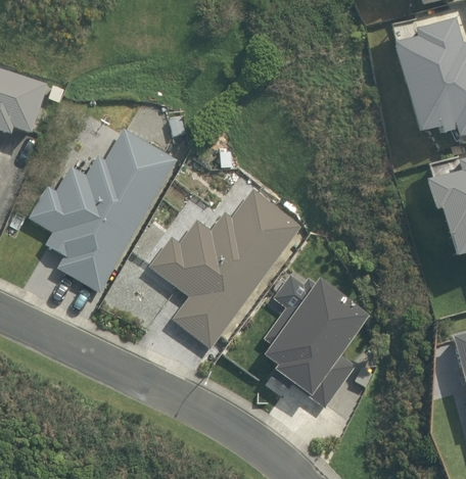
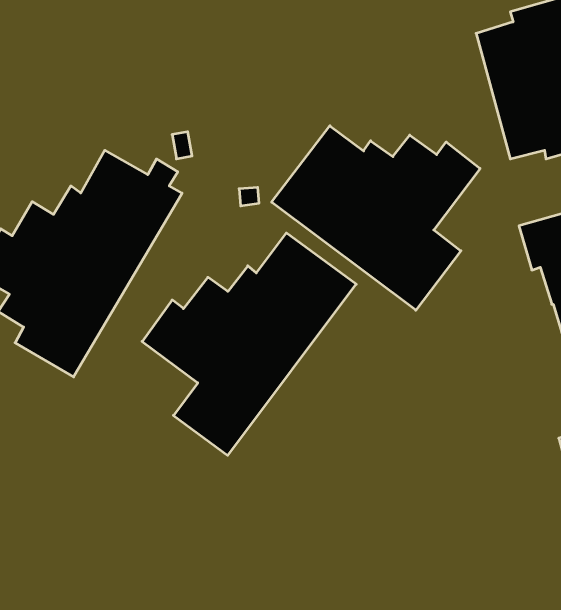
building: none -> [272,126,480,310]
building: [263,277,369,406] -> none

